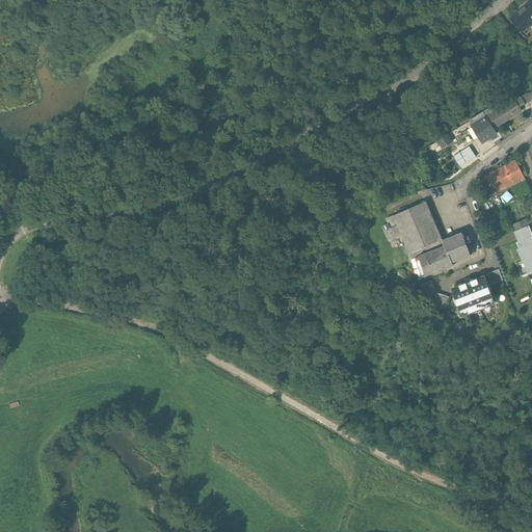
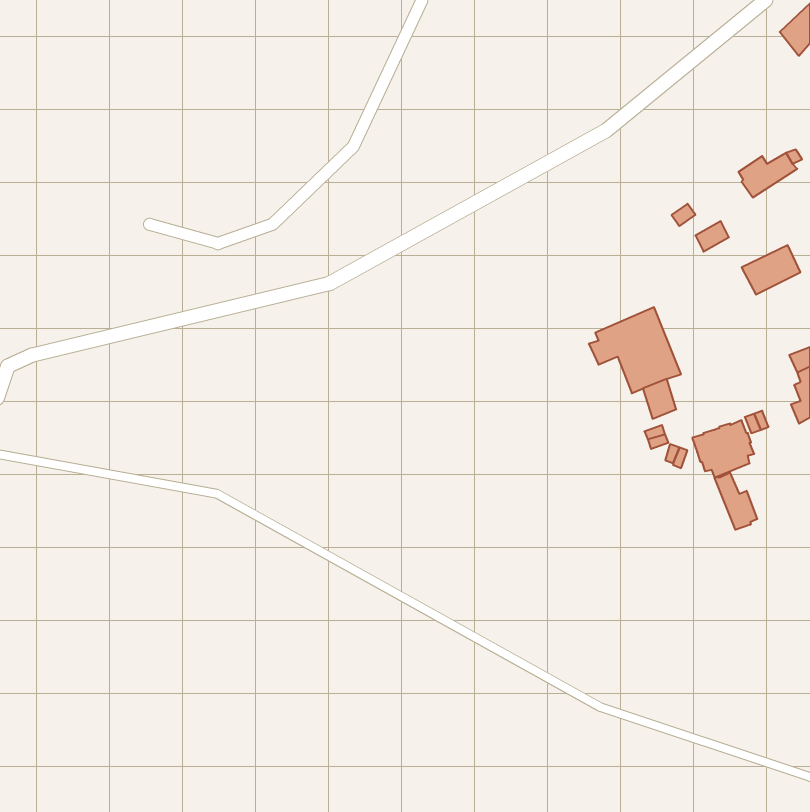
building: [468,113,495,143] -> none
building: [435,233,471,268] -> none
building: none -> [715,472,757,530]

